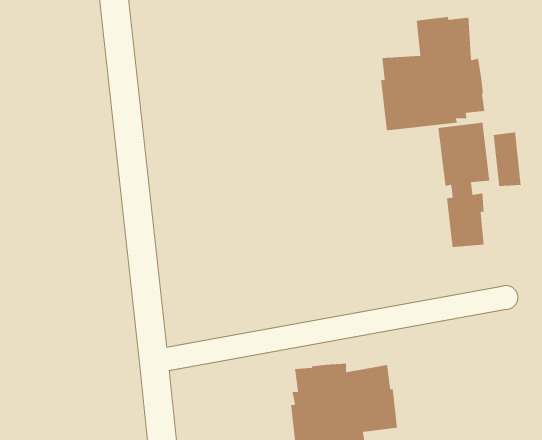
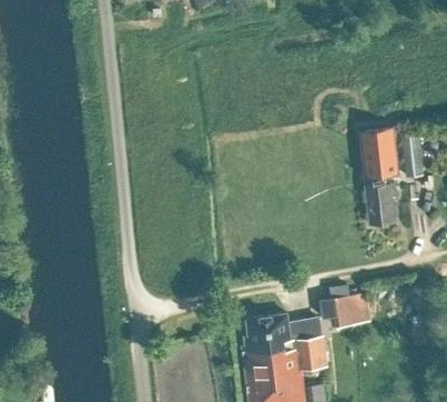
building: [380,16,485,131] -> none
building: none -> [326,285,369,326]

